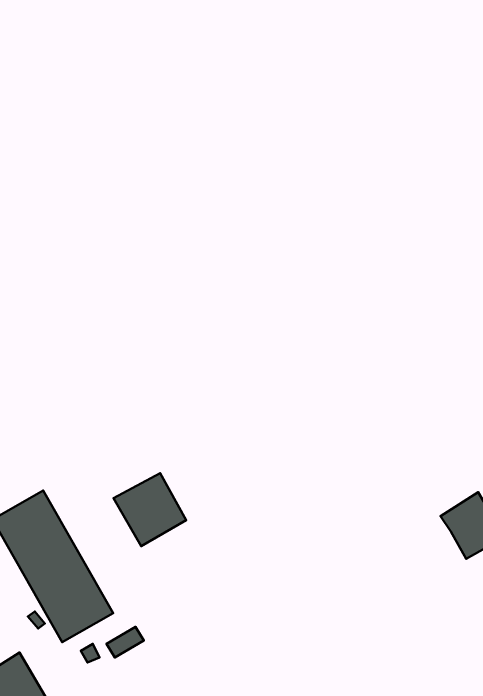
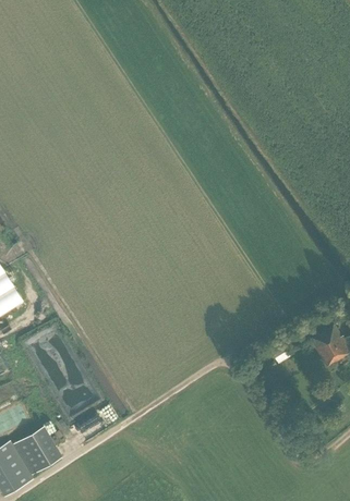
building: [113,473,186,546] -> none

